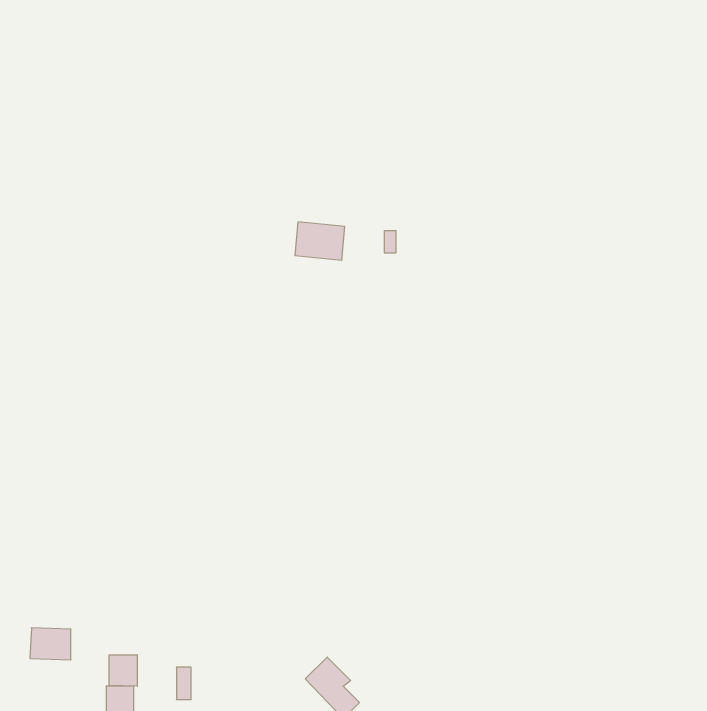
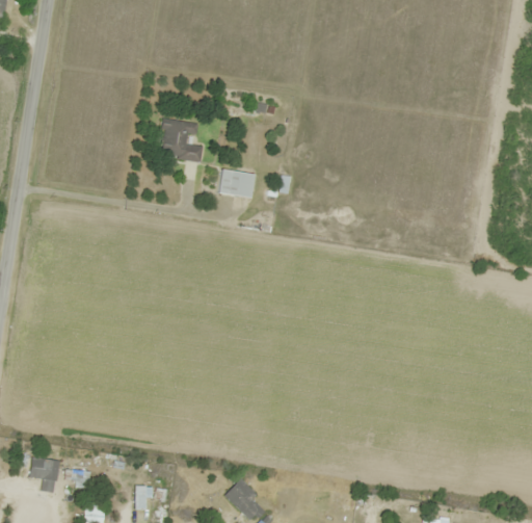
building: none -> [159,119,205,161]
building: [109,655,137,686] -> none

